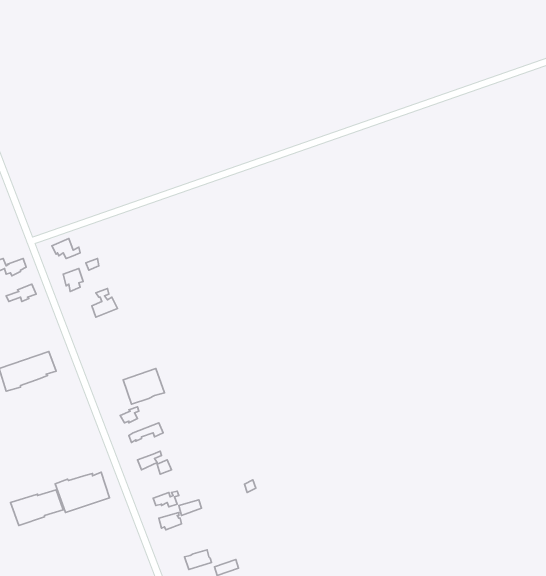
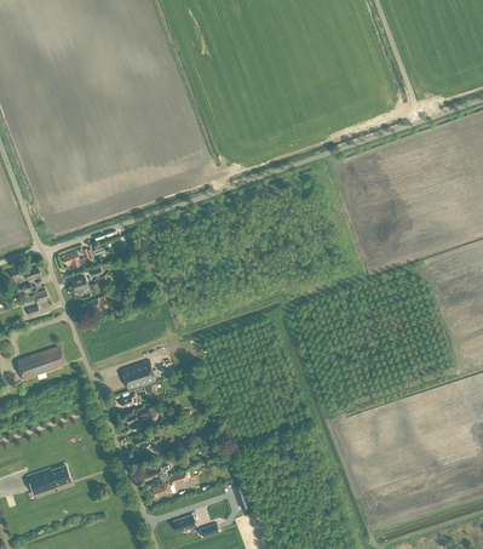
building: [55,472,109,513] -> none

